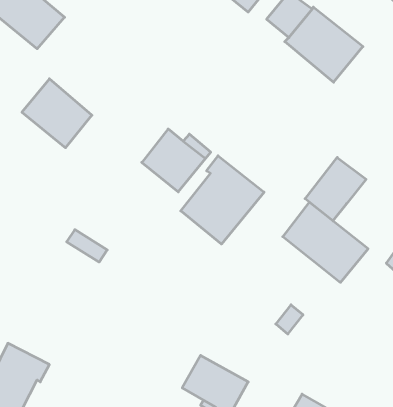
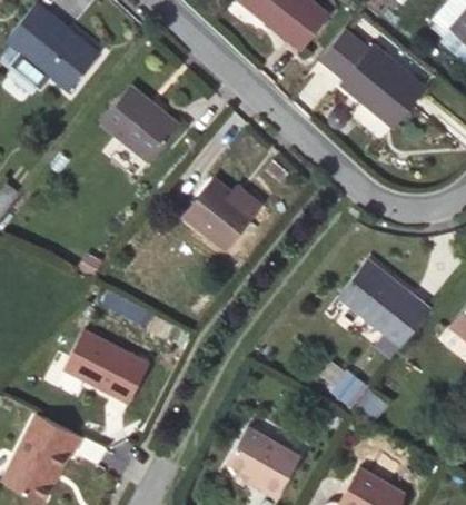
building: [22,79,92,148] -> [100,86,177,161]
building: [181,156,264,244] -> none
building: [305,157,366,221] -> none
building: none -> [63,330,149,402]

